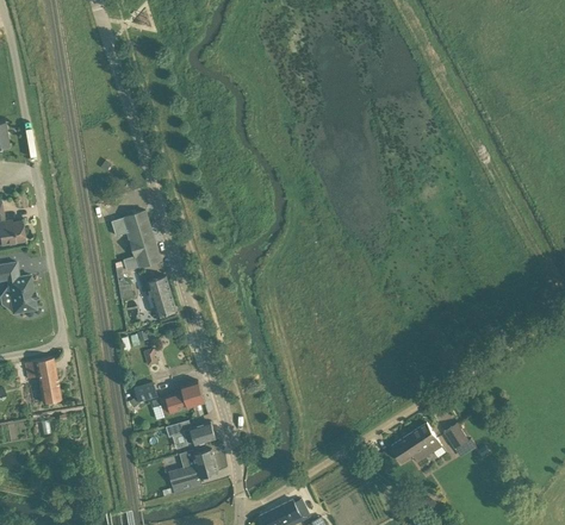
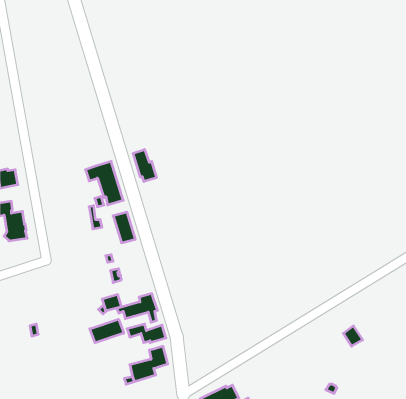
building: none -> [133,149,156,182]
building: [24,358,60,404] -> none
building: none -> [90,319,124,343]
building: [390,424,441,464] -> none

